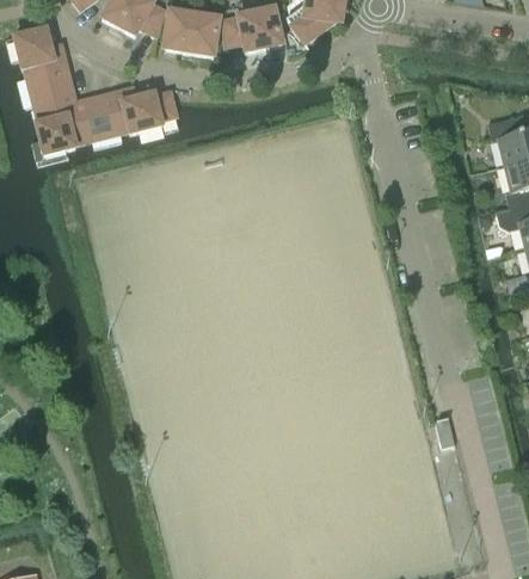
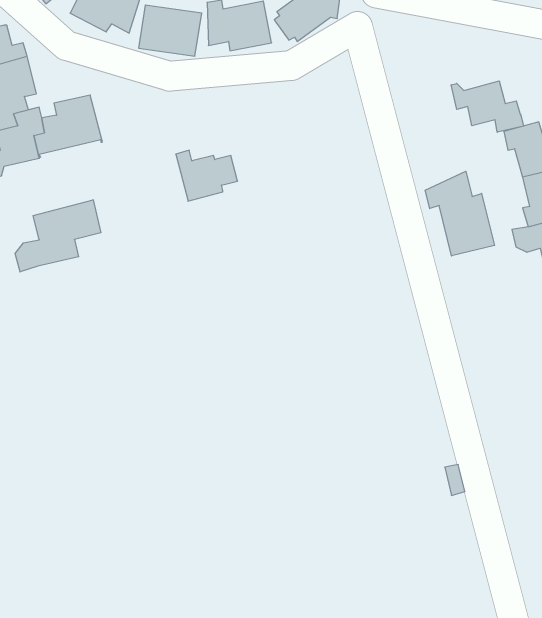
building: none -> [451,81,524,132]
building: [121,87,176,133] -> [176,150,238,201]
building: none -> [425,171,495,256]
building: none -> [15,200,101,272]

